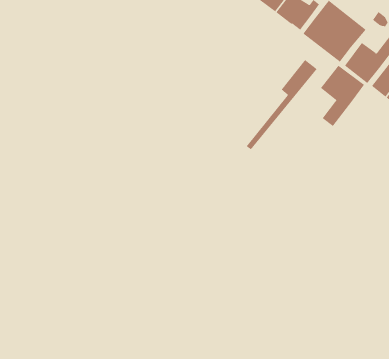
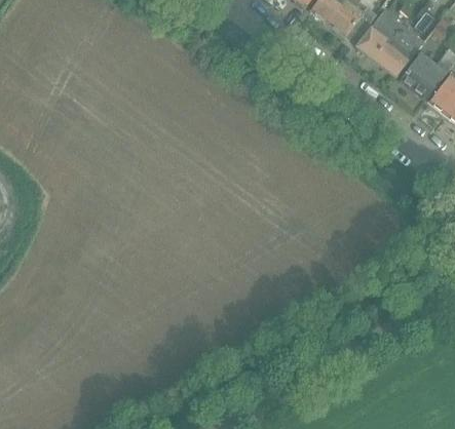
building: [246,59,318,150] -> none
building: [320,65,365,127] -> none

